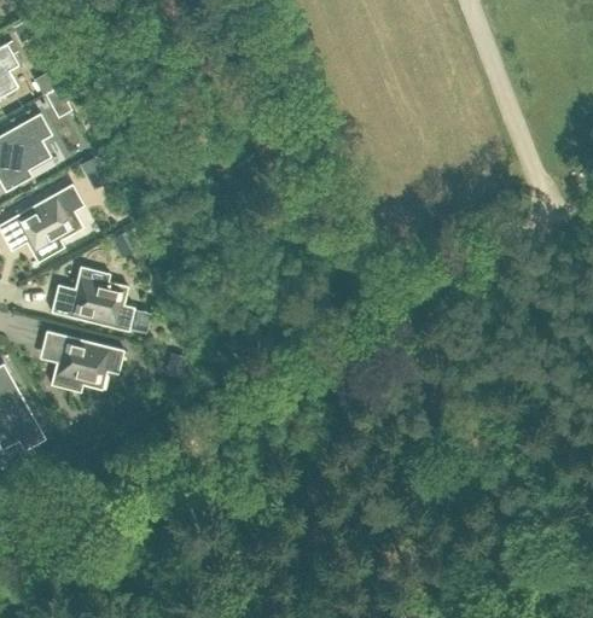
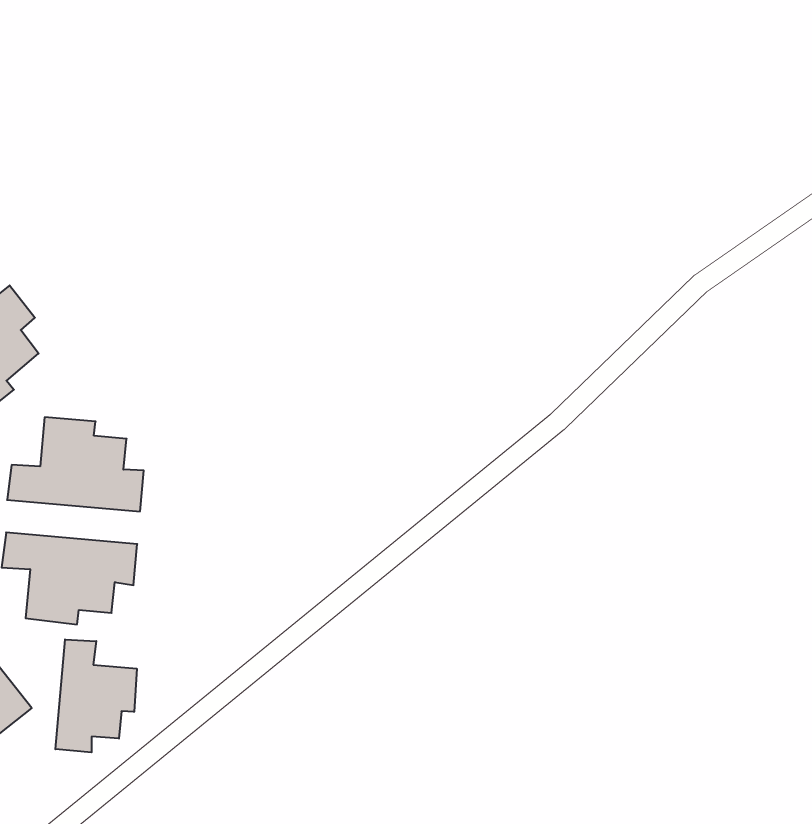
building: none -> [55,639,137,752]

